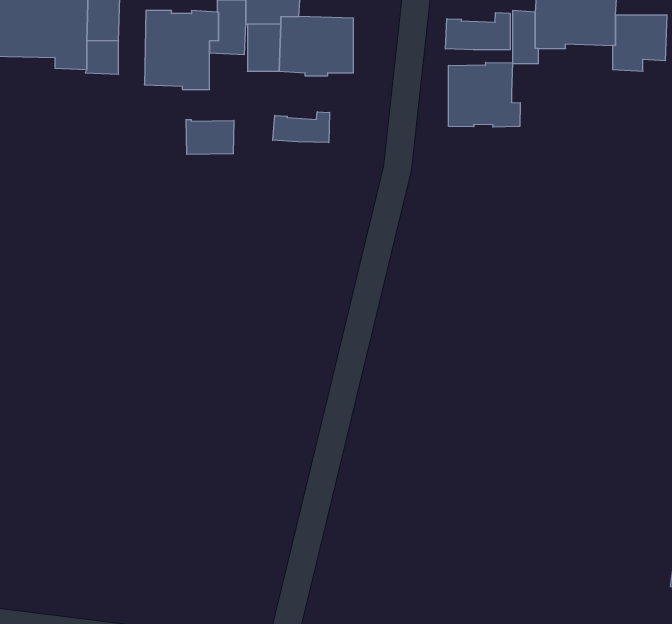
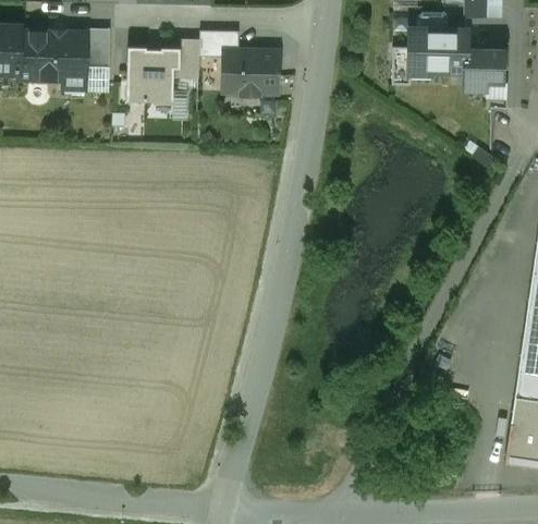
building: [445,13,510,50] -> none
building: [449,62,520,127] -> none
building: [273,112,330,143] -> none
building: [186,120,234,154] -> none

